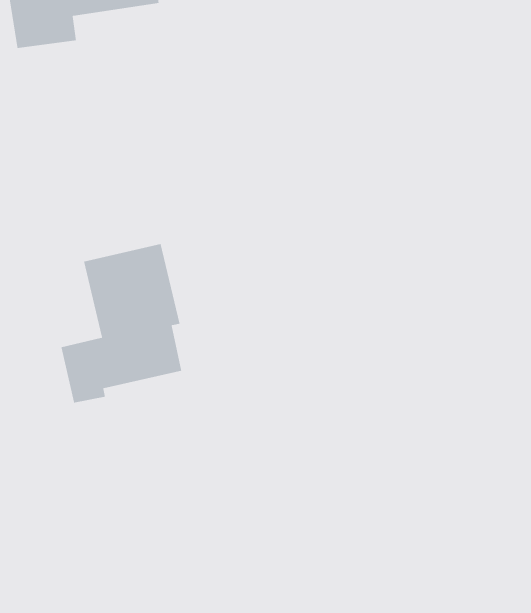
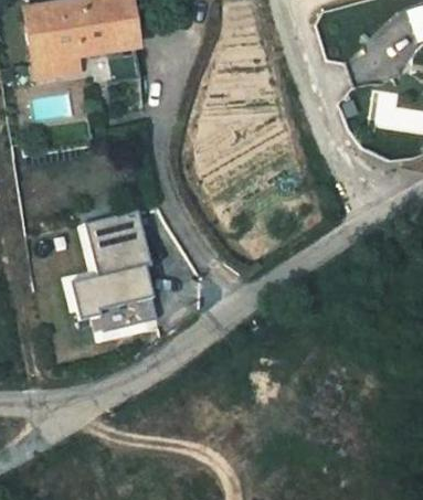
building: none -> [99,296,158,330]

